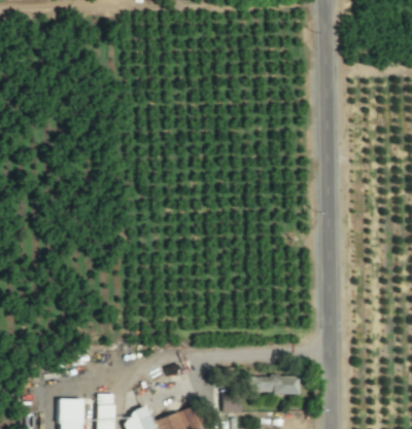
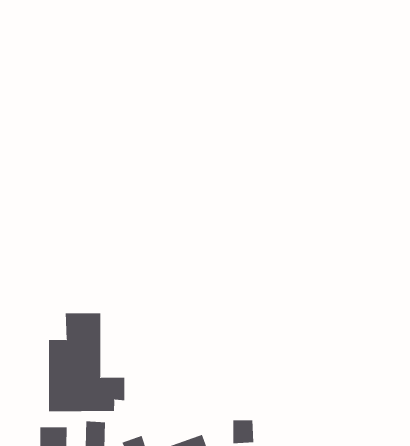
building: none -> [48,313,125,412]
building: [253,377,299,394] -> none

